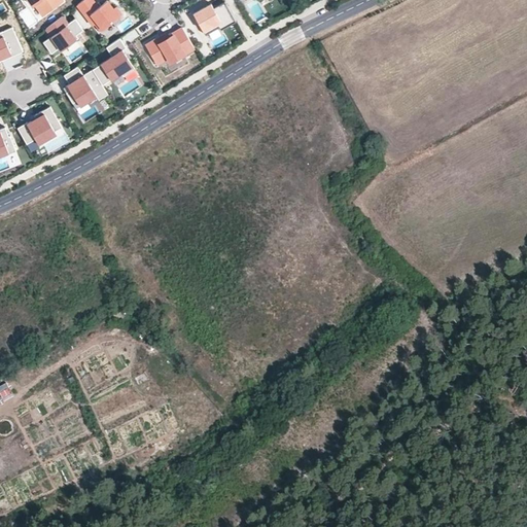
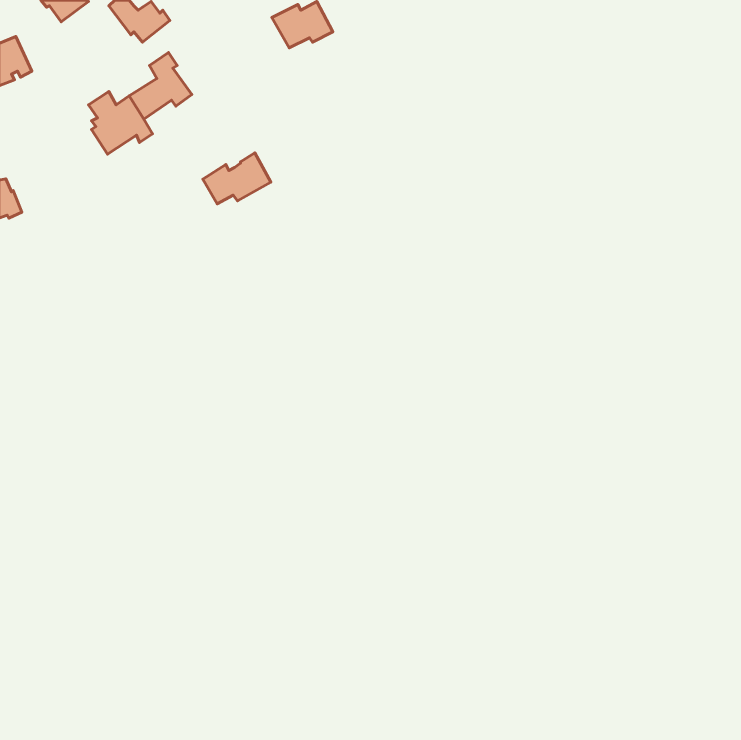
building: [42,17,82,55] -> none
building: [145,29,194,65] -> [203,153,271,204]
building: [16,108,62,146] -> none

